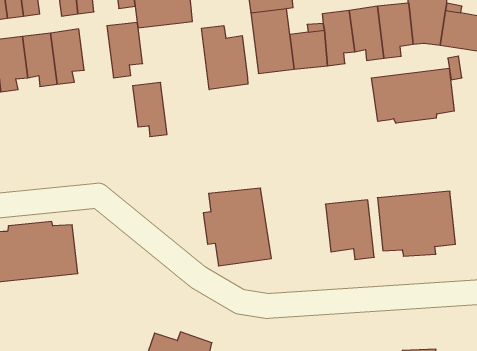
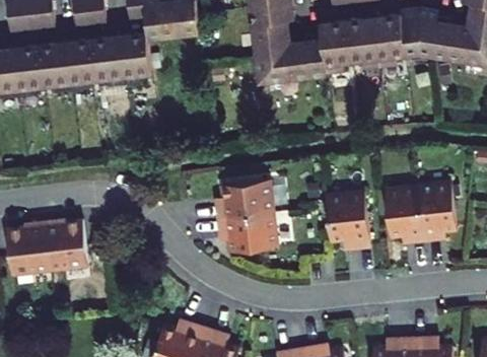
building: [202,26,248,90] -> none
building: [372,68,454,123] -> none
building: [133,82,167,137] -> [92,34,125,85]

